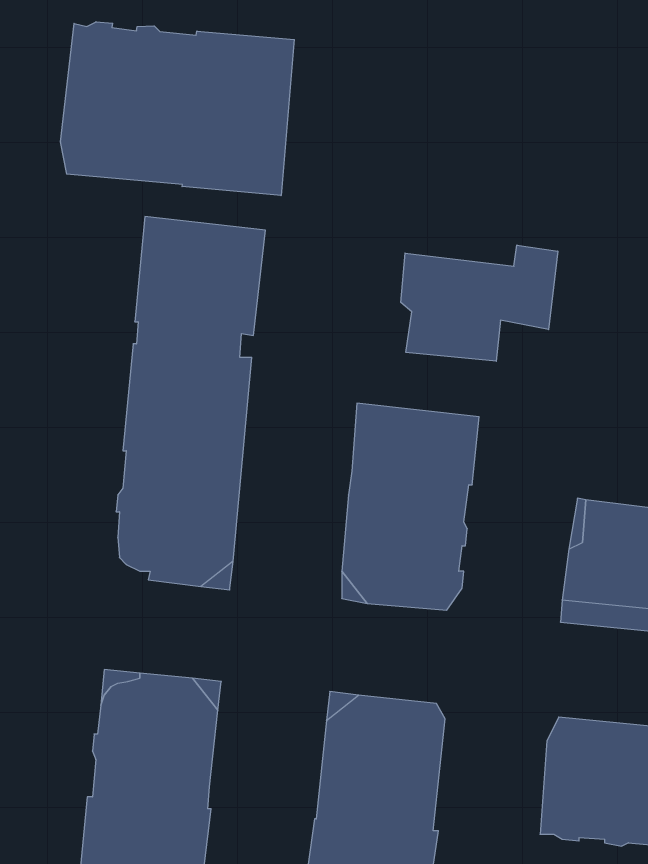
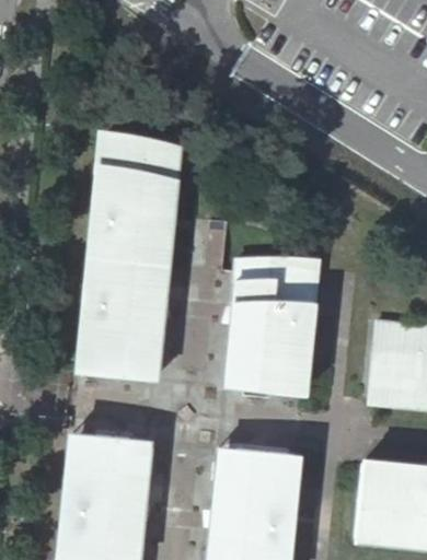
building: [61,22,294,196] -> none
building: [401,245,558,361] -> none

